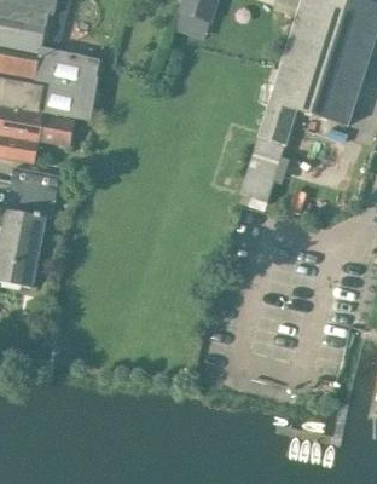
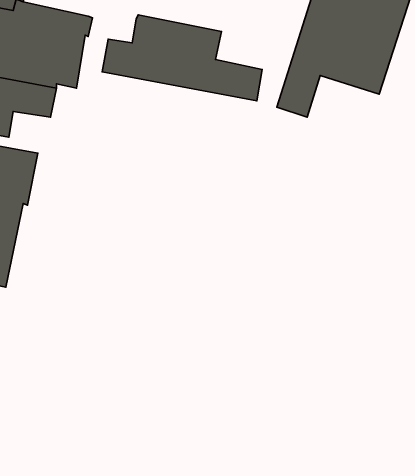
building: none -> [102,15,262,101]
building: [242,149,282,202] -> none

